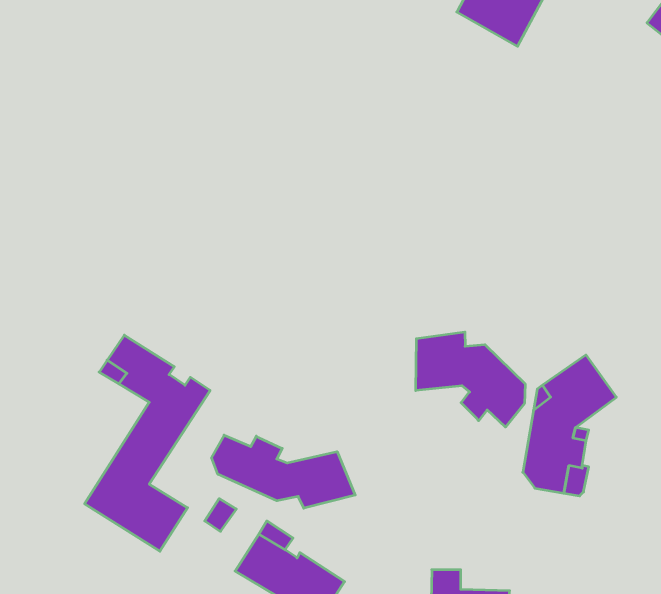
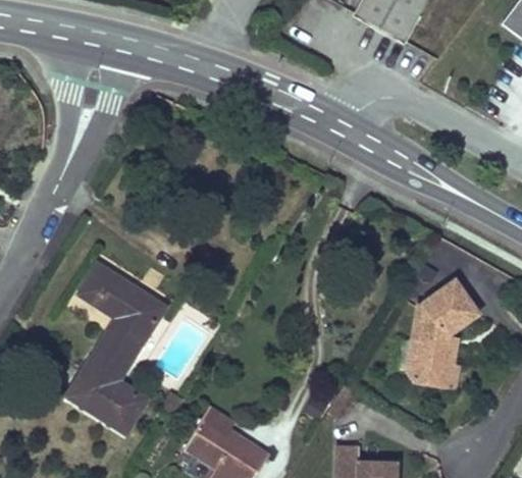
building: [416,332,525,427] -> none
building: [212,435,355,508] -> none

